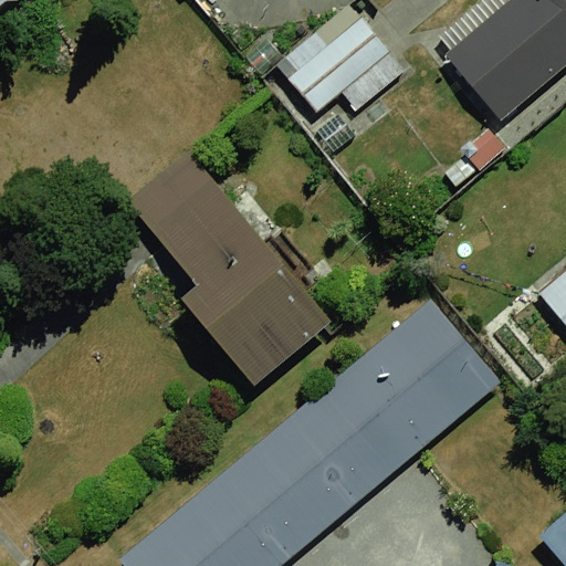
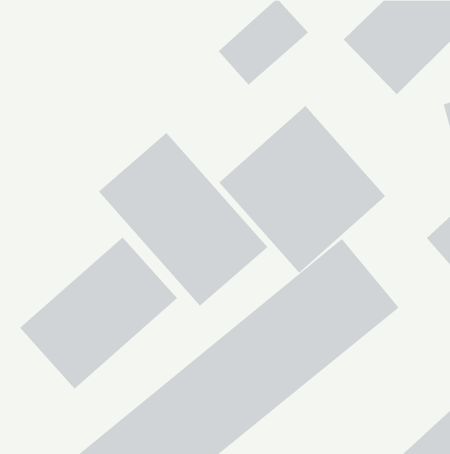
building: none -> [219,105,386,273]
building: none -> [19,236,178,389]

